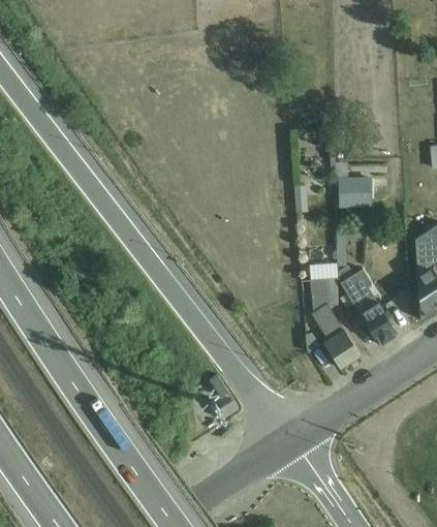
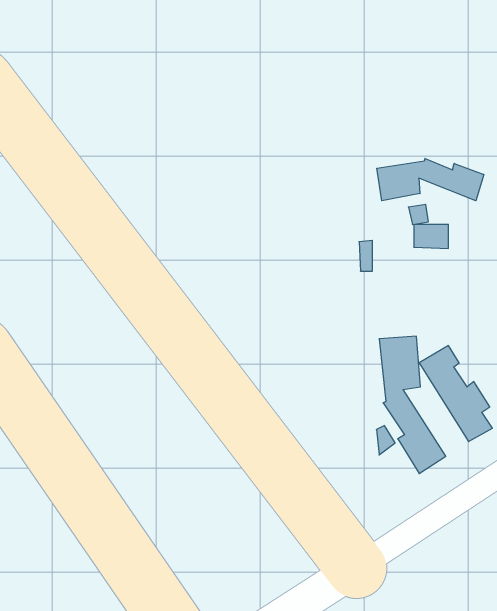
building: none -> [377,158,484,201]

